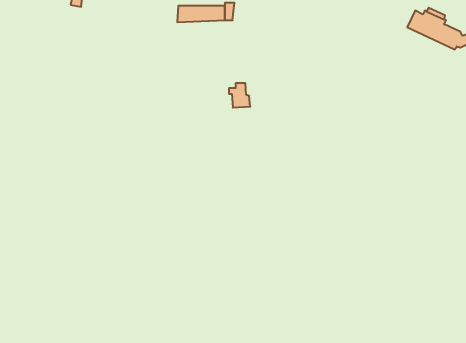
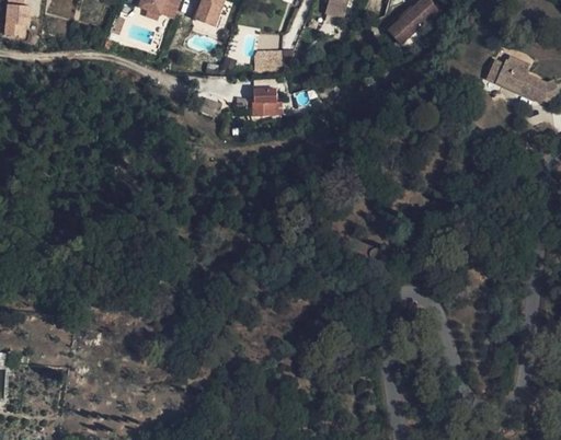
building: [229,83,250,108] -> [250,88,274,115]

